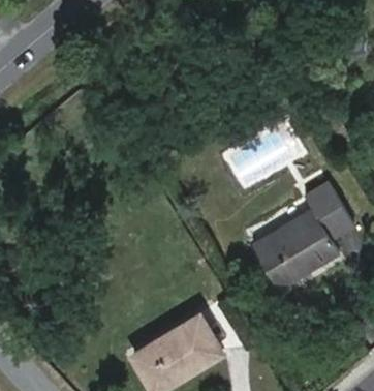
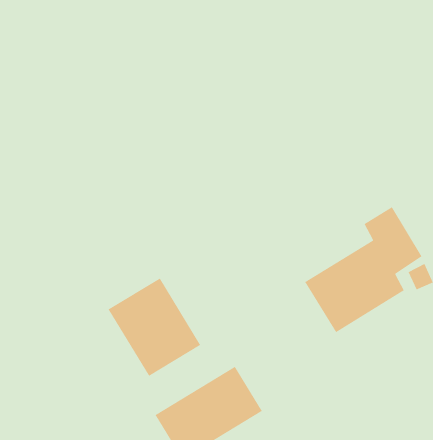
building: none -> [108,277,201,377]

